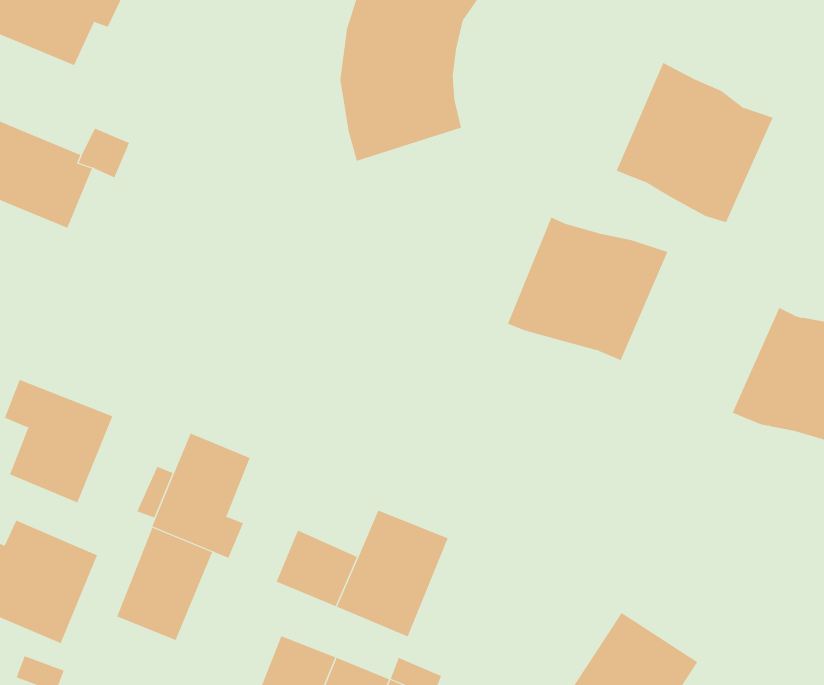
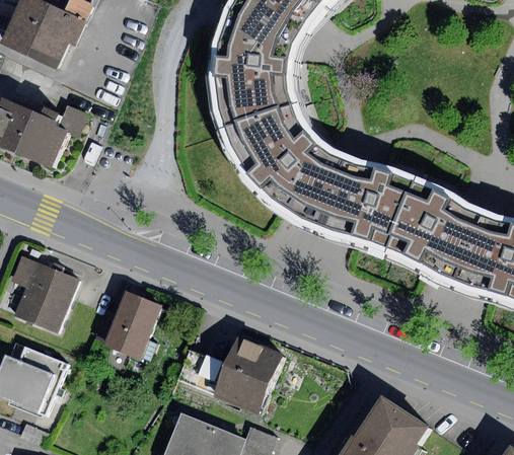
building: [616,62,773,223] -> [385,180,481,278]
building: none -> [225,105,343,224]
building: [117,527,213,641] -> none

